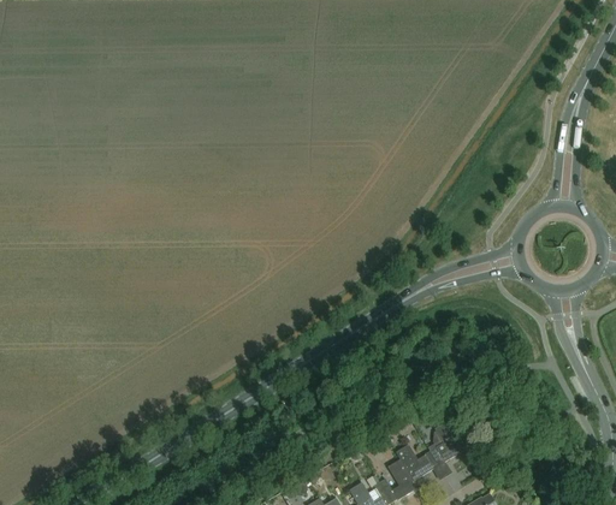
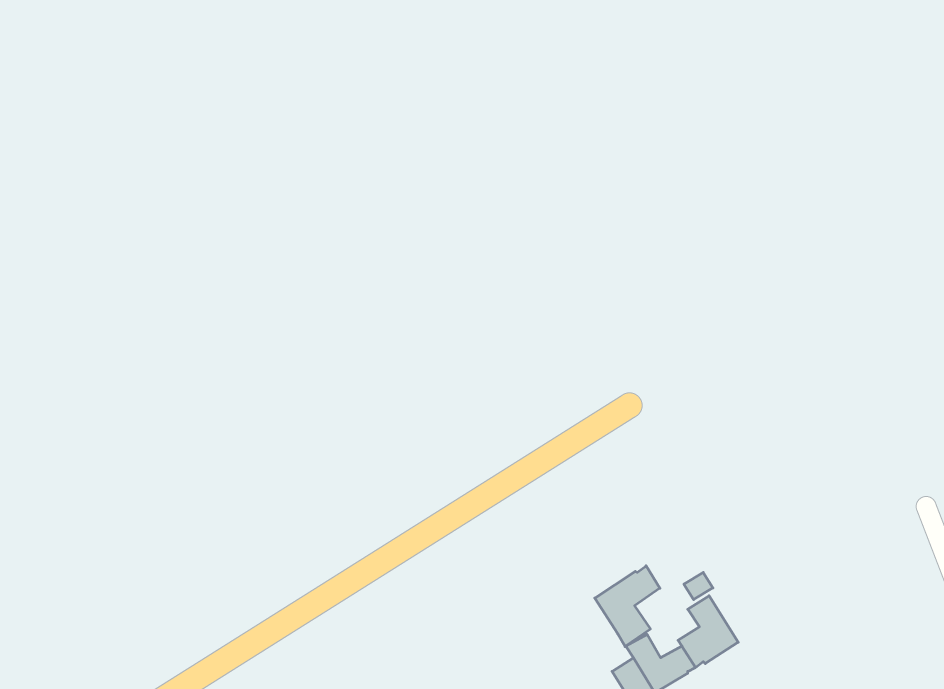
building: none -> [595,566,660,647]

